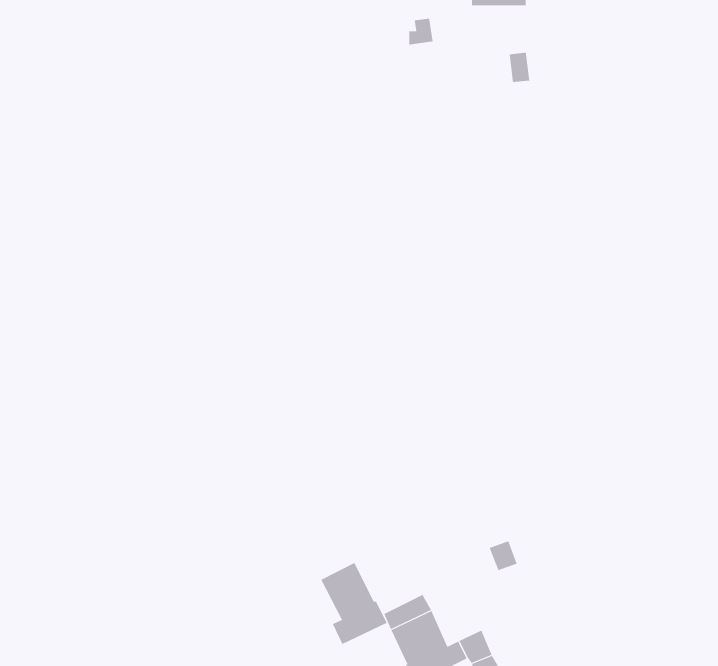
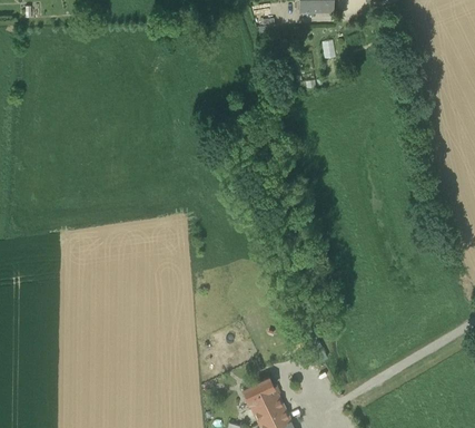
building: [321,562,387,645] -> none

